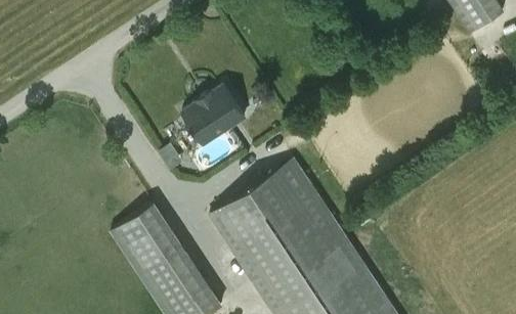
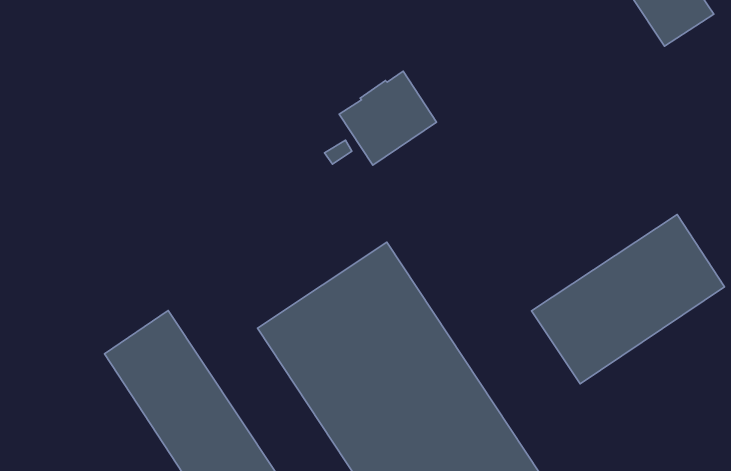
building: [183,86,246,146] -> [339,71,437,165]
building: none -> [531,214,724,384]

